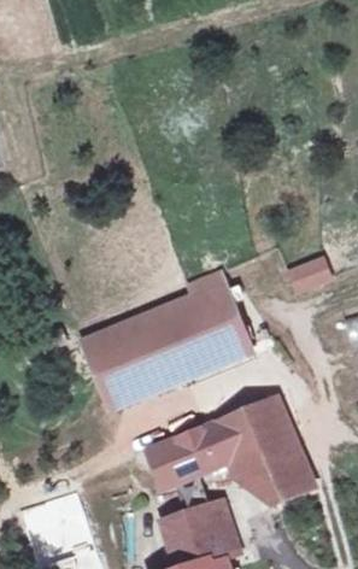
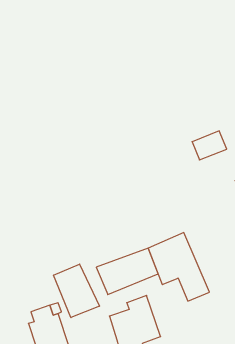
building: [84,291,245,400] -> none
building: none -> [54,264,99,318]

